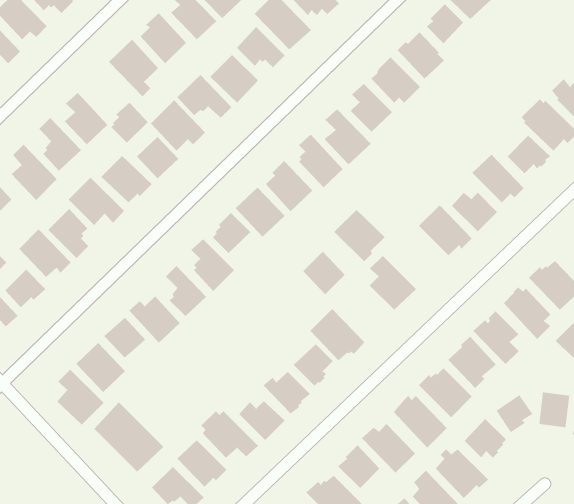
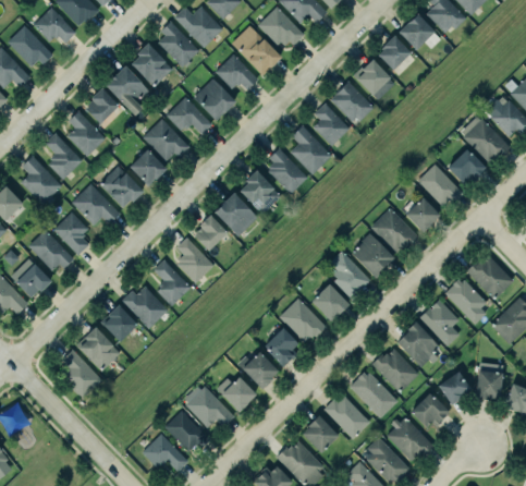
building: [110,102,148,144] -> [87,87,120,123]
building: [334,209,386,262] -> [351,233,395,279]
building: [302,251,346,295] -> [313,283,350,321]
building: [93,401,164,473] -> none

